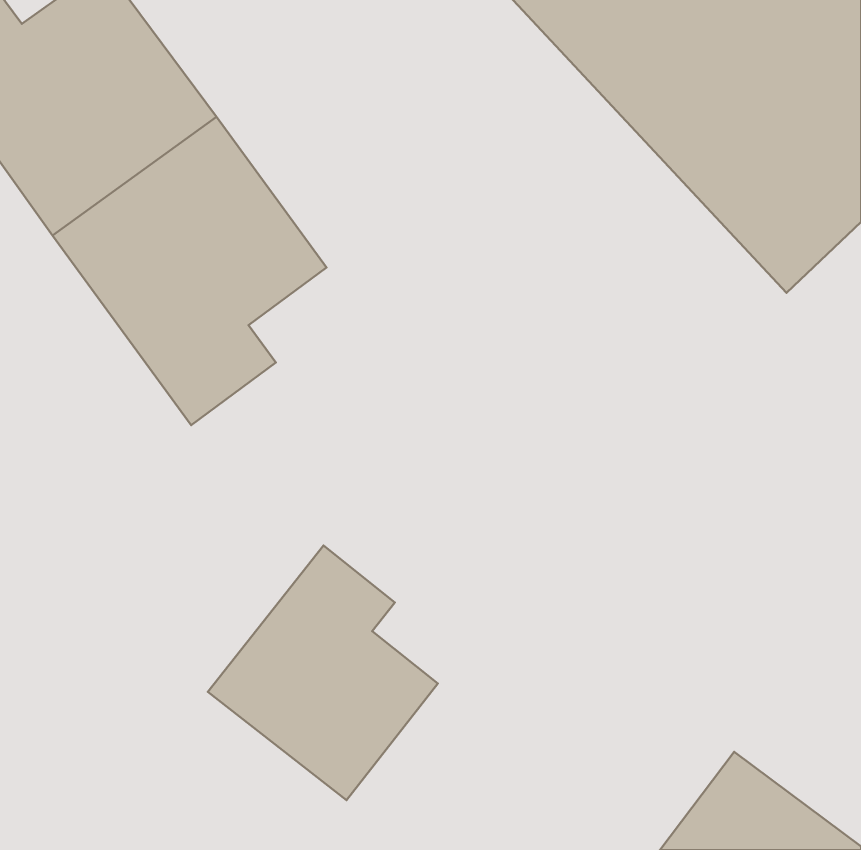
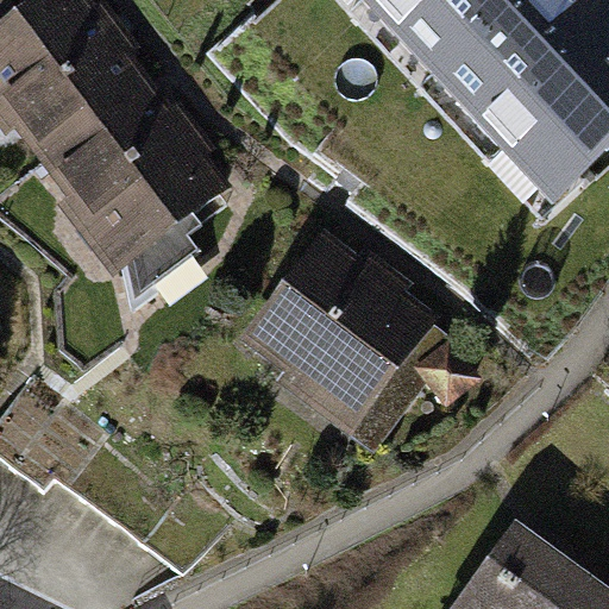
building: none -> [240,234,437,432]
building: [208,546,438,800] -> none

